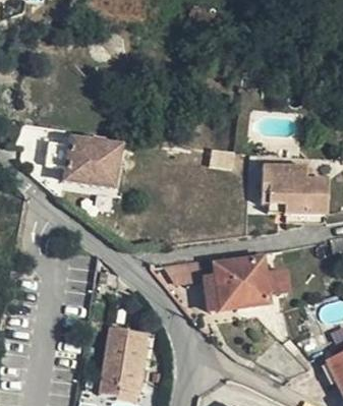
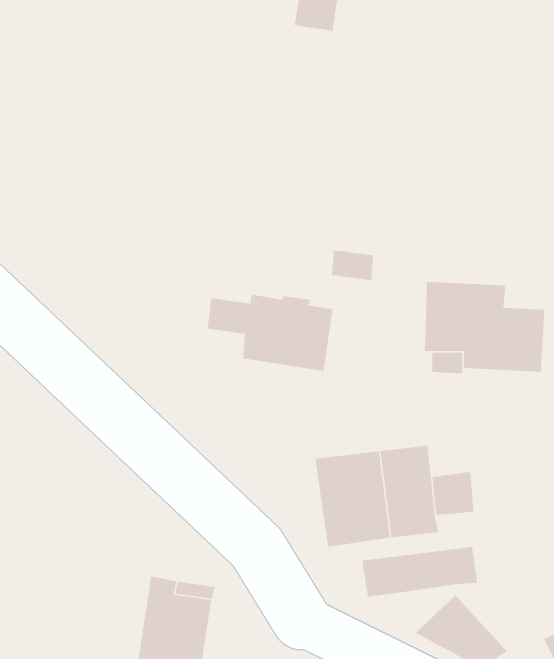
building: [48,139,117,182] -> [207,294,333,372]
building: none -> [362,546,478,598]

